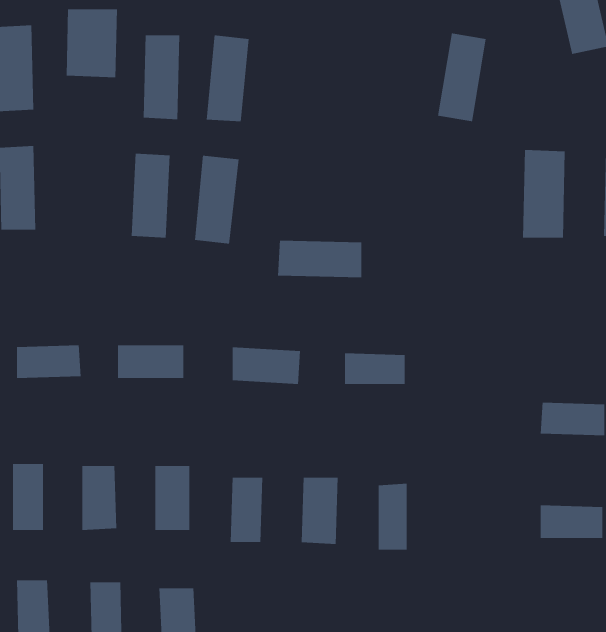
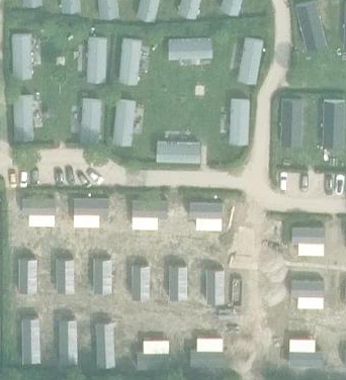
building: [66,9,117,78] -> none
building: none -> [167,39,211,61]
building: none -> [229,101,249,146]

